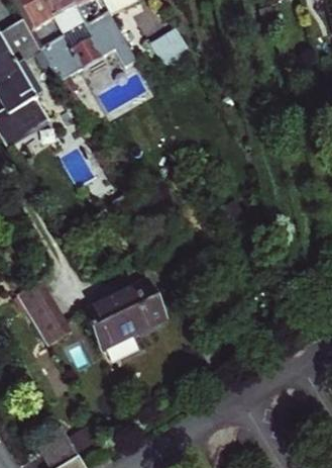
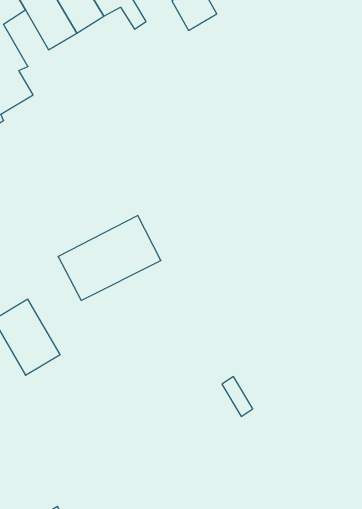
building: [84,282,164,349] -> [58,215,161,300]

